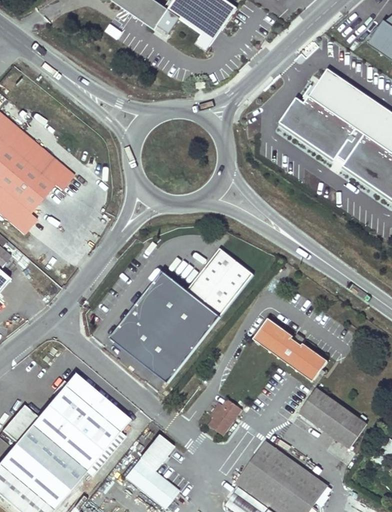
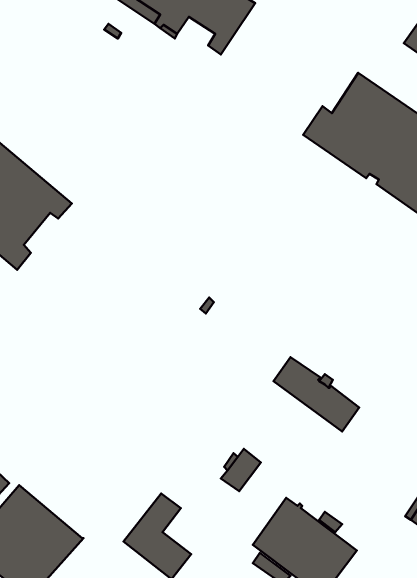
building: [111,248,255,384] -> none
building: [31,375,129,479] -> none
building: [299,386,366,446] -> none

